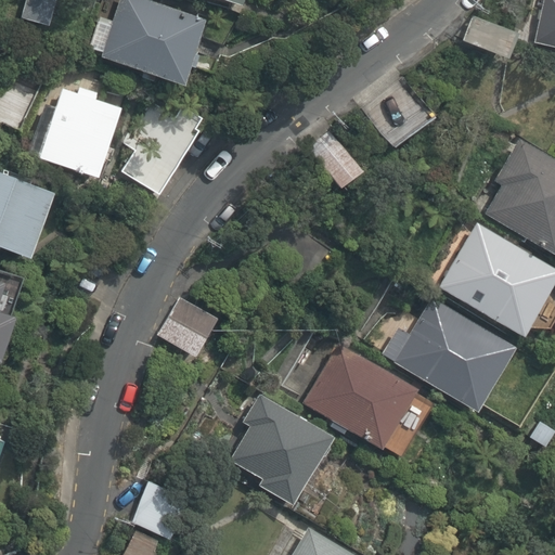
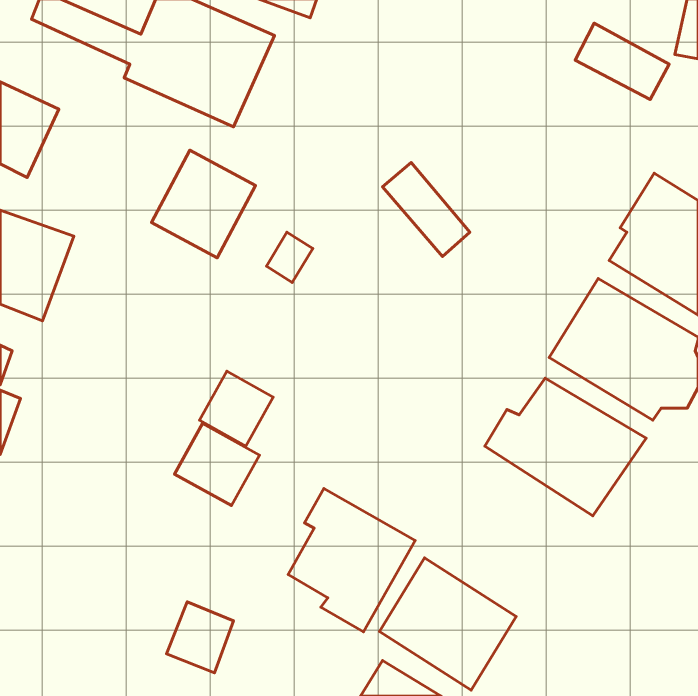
building: [38,99,128,196] -> none
building: none -> [174,424,260,506]
building: [308,340,416,446] -> [380,558,516,690]

